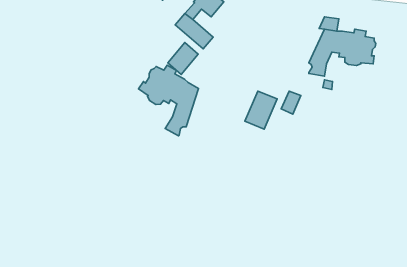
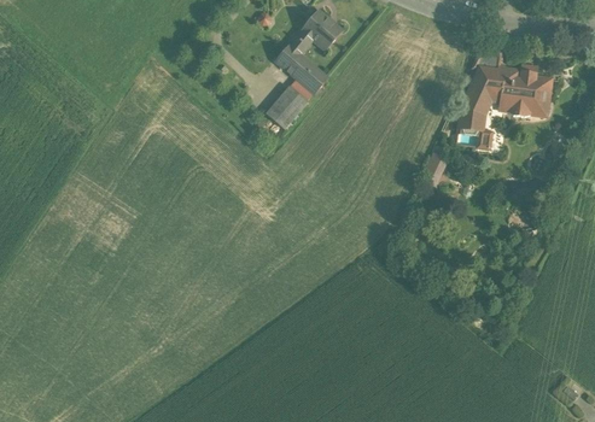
building: [139,65,198,136] -> none
building: [245,91,277,129] -> none

